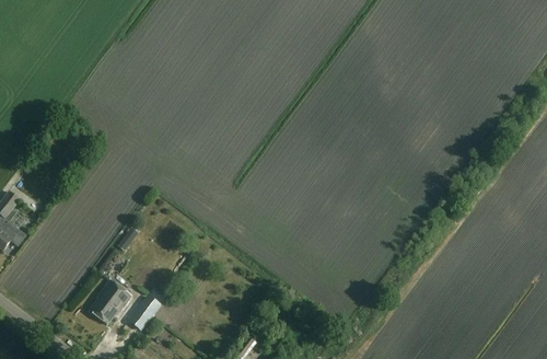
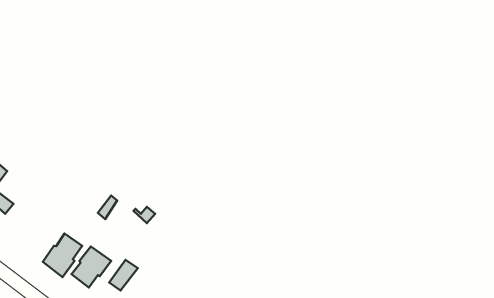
building: none -> [43,233,82,277]

